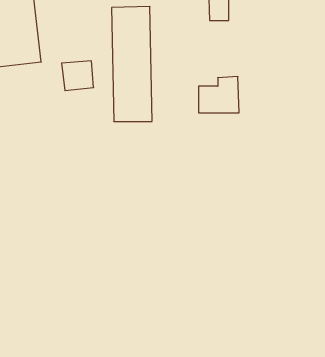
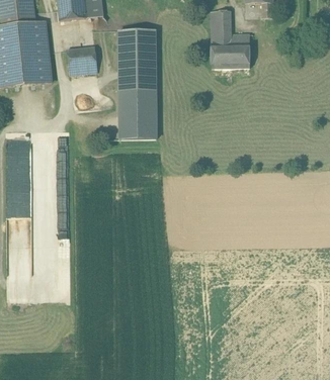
building: [62,61,94,91] -> [67,46,97,75]
building: [199,77,239,113] -> [212,33,250,68]

